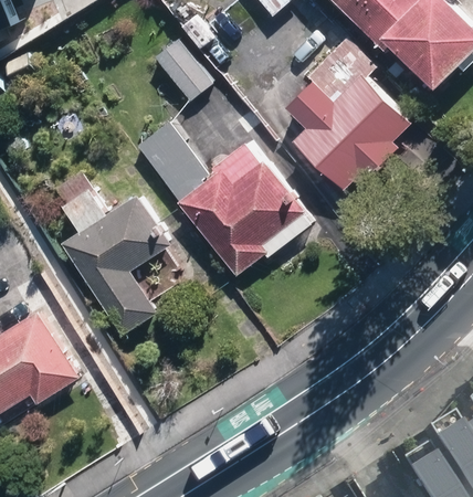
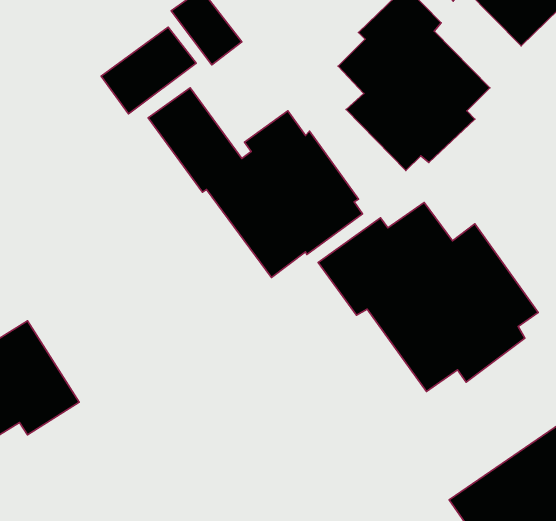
building: none -> [101,27,196,114]
building: [51,173,172,336] -> none
building: none -> [318,202,538,392]

